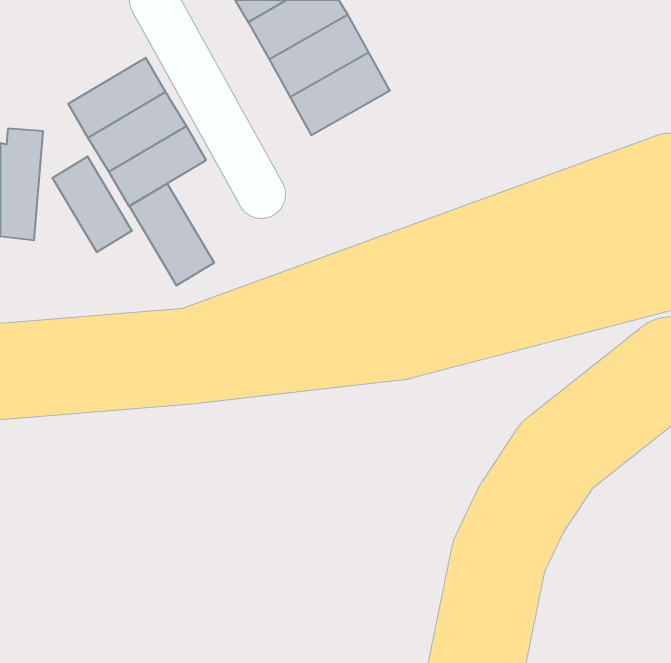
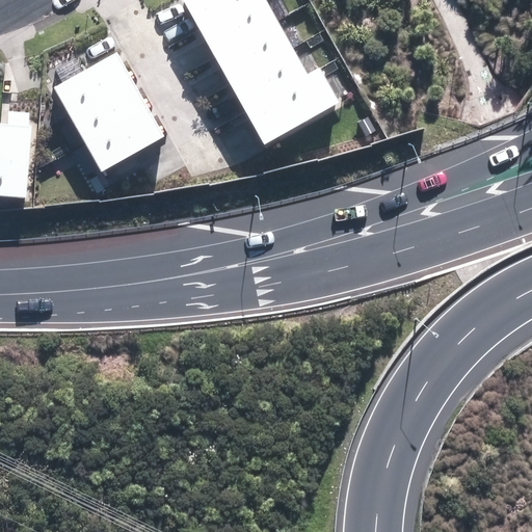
building: none -> [246,72,337,142]
building: [53,156,132,252] -> none
building: [129,183,214,286] -> none

